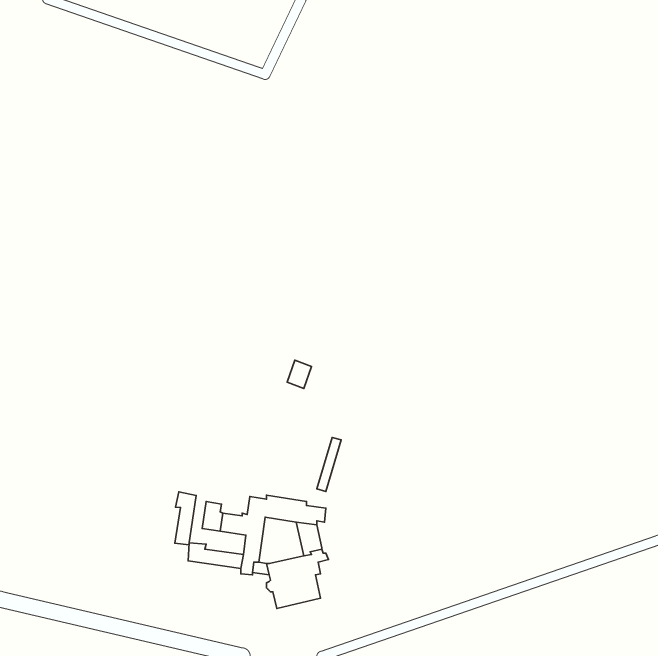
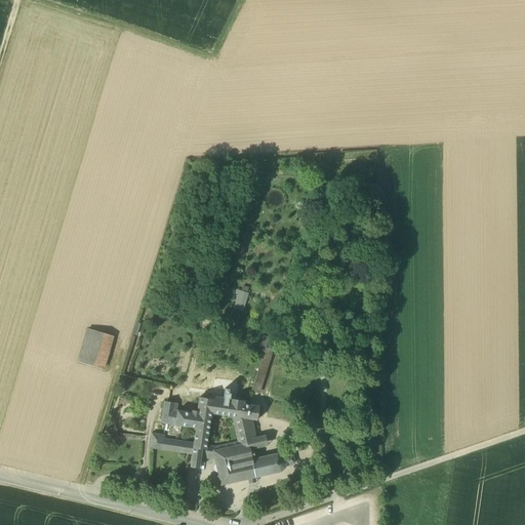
building: none -> [78,328,112,369]
building: [175,492,196,545] -> none
building: none -> [251,453,294,477]

